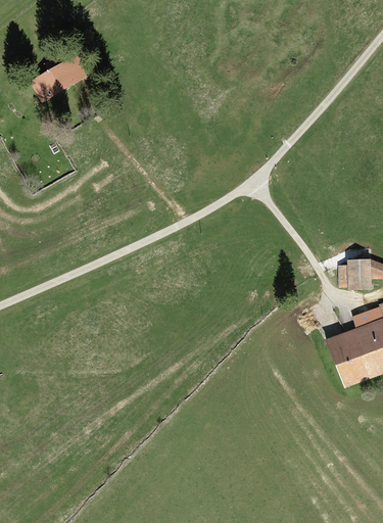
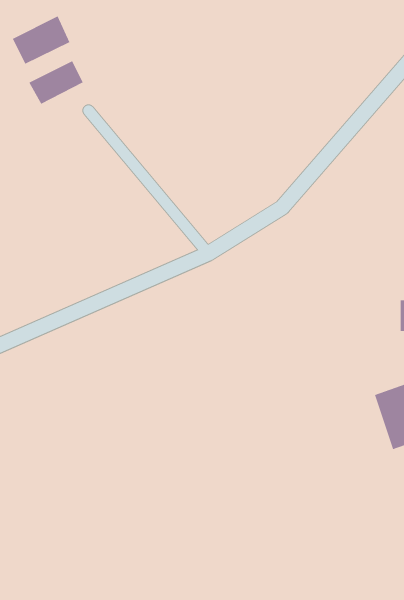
building: none -> [12,15,70,64]

